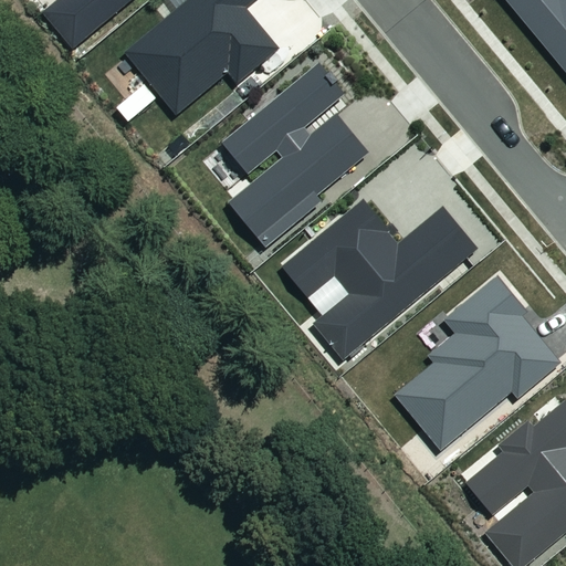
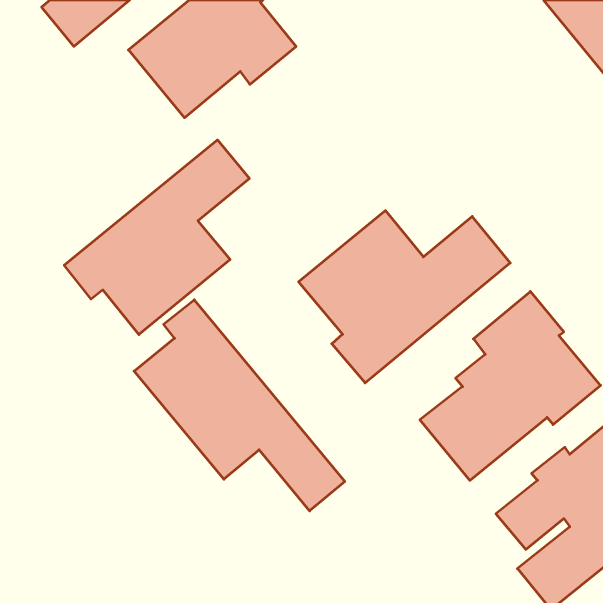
building: [222,62,369,247] -> none
building: none -> [64,140,249,335]
building: none -> [134,300,345,511]

